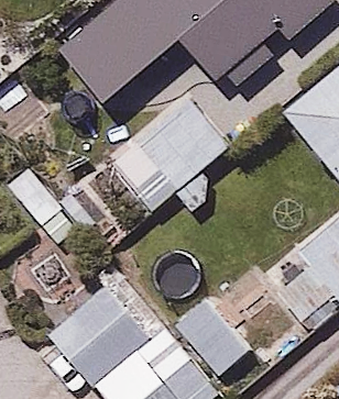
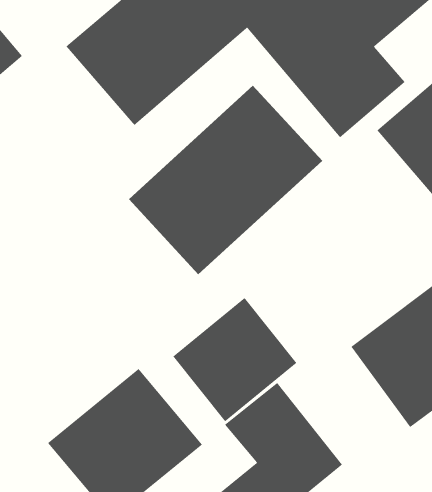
building: none -> [173,297,297,422]

